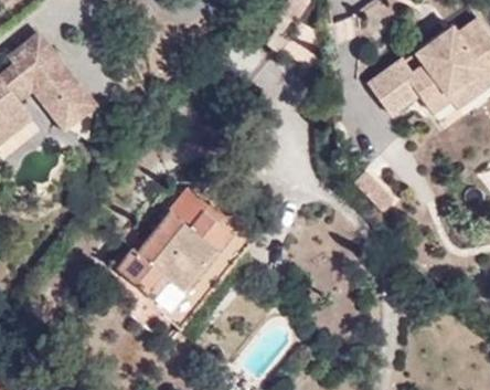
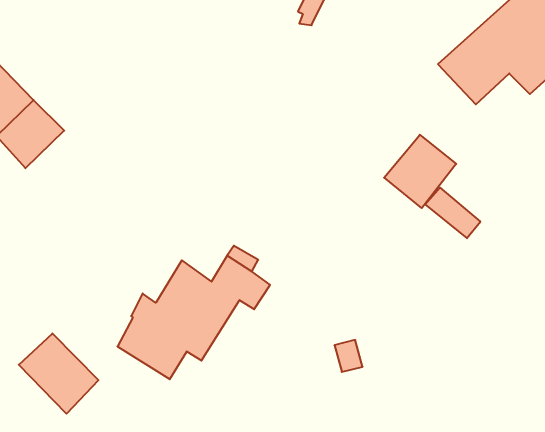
building: none -> [384,135,456,208]
building: none -> [19,333,98,414]

